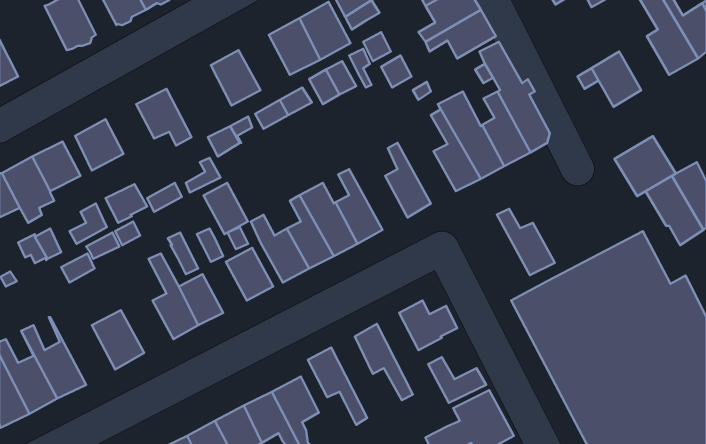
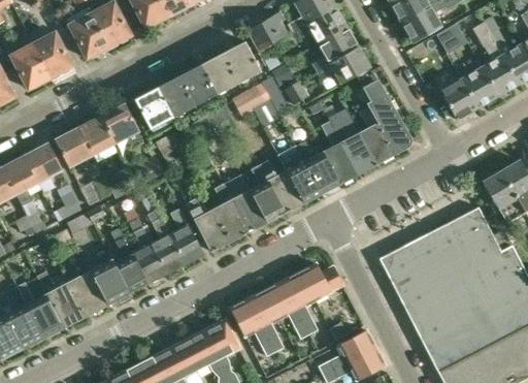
building: none -> [11,43,51,89]
building: none -> [178,65,217,106]
building: none -> [462,66,499,106]
building: none -> [135,88,173,130]
building: none -> [79,117,116,154]
building: [614,136,676,196] -> none
building: none -> [261,160,304,211]
building: [204,183,248,234] -> [152,234,185,273]
building: [497,209,555,275] -> [297,141,340,191]
building: none -> [91,259,130,302]
building: none -> [33,262,87,326]
building: none -> [282,273,317,333]
building: none -> [248,290,283,351]

